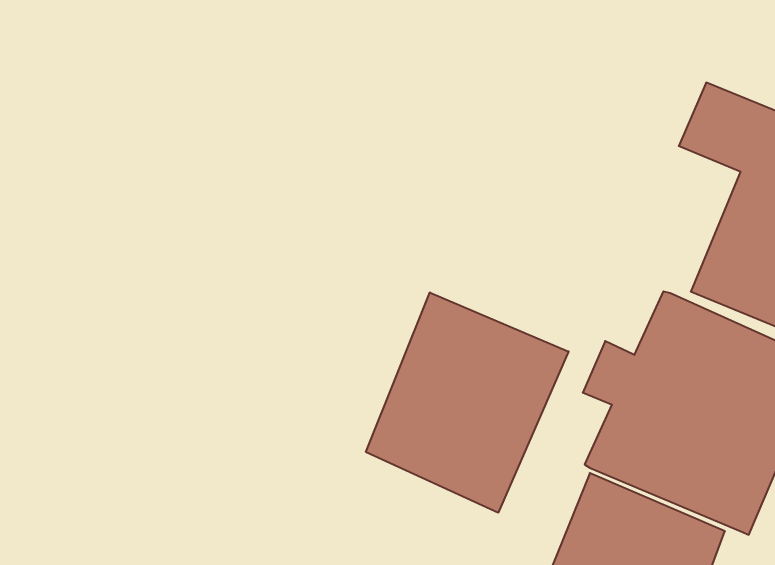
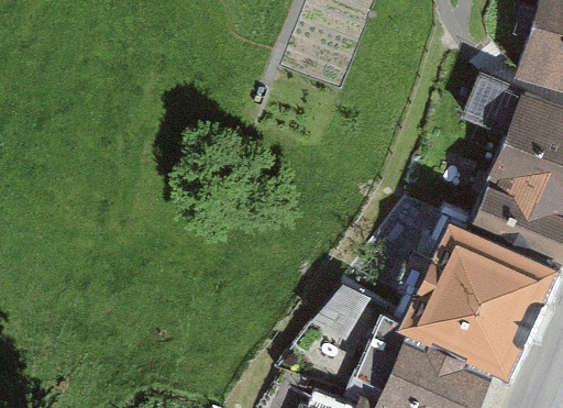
building: [366,292,569,513] -> none

